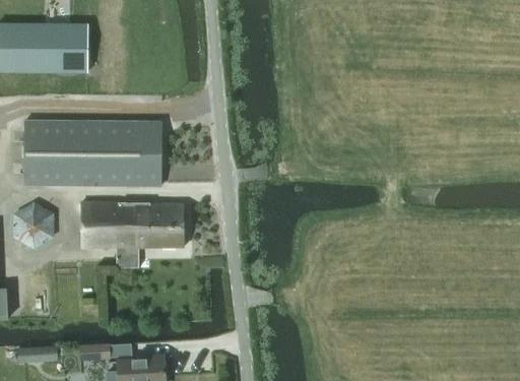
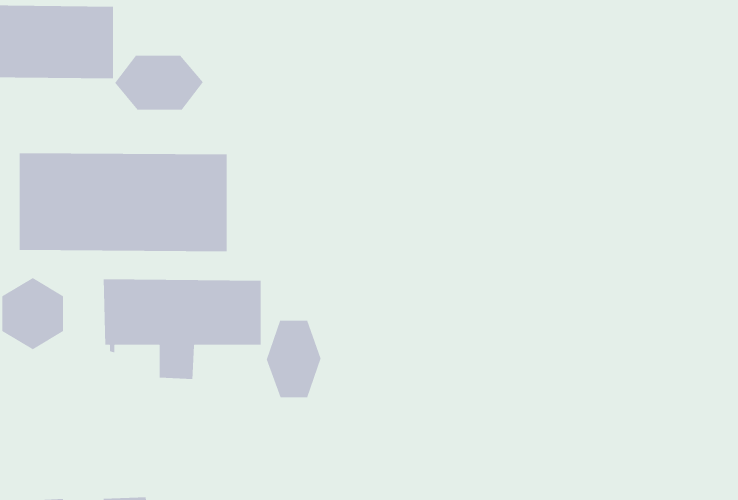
building: none -> [114,55,204,110]
building: none -> [266,320,322,398]

